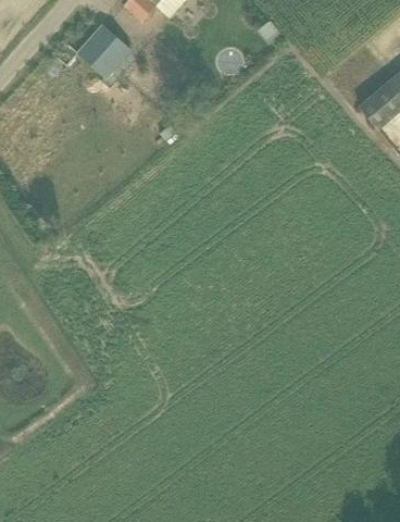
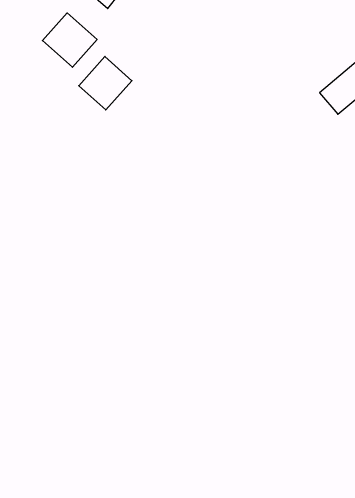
building: none -> [79,56,132,110]

